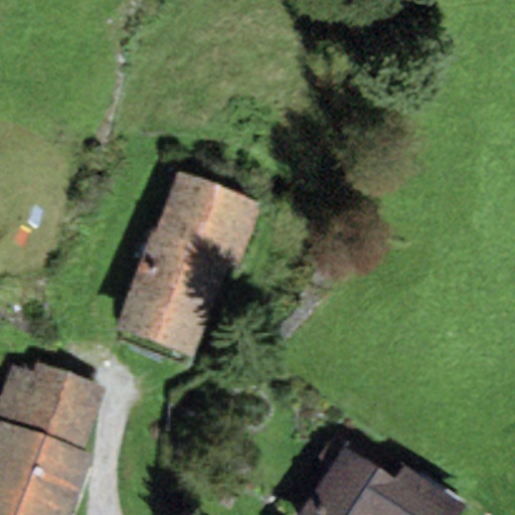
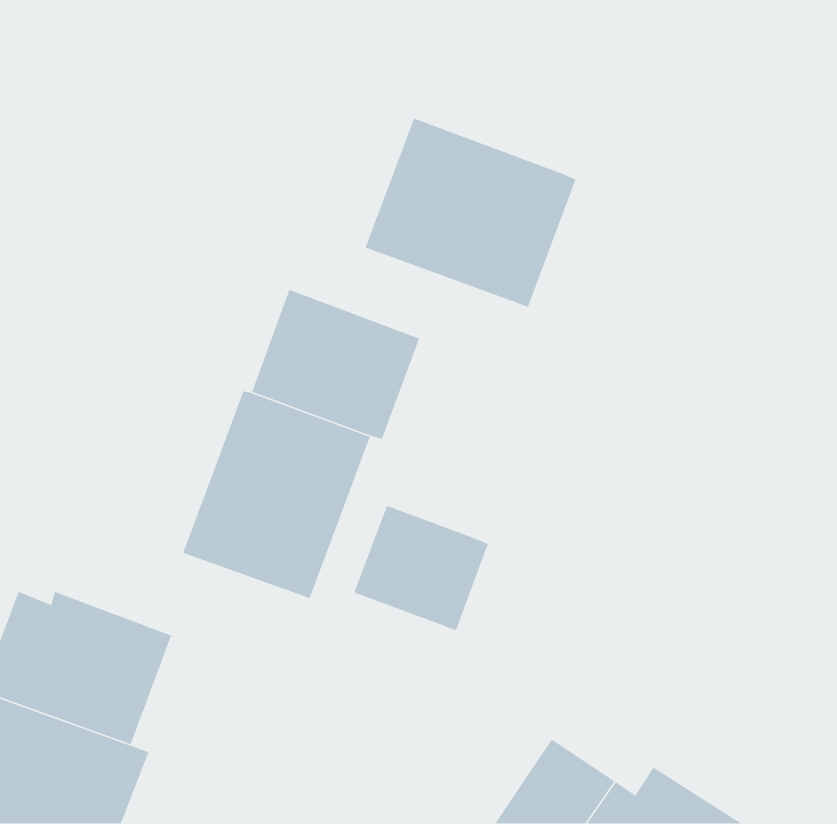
building: none -> [364,117,576,308]
building: none -> [353,505,489,631]

